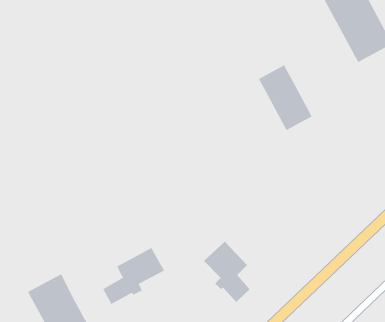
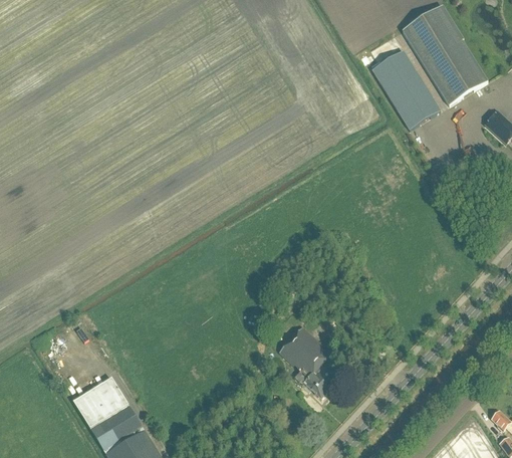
building: [258,64,312,131] -> [370,50,438,129]
building: [103,247,165,305] -> none

